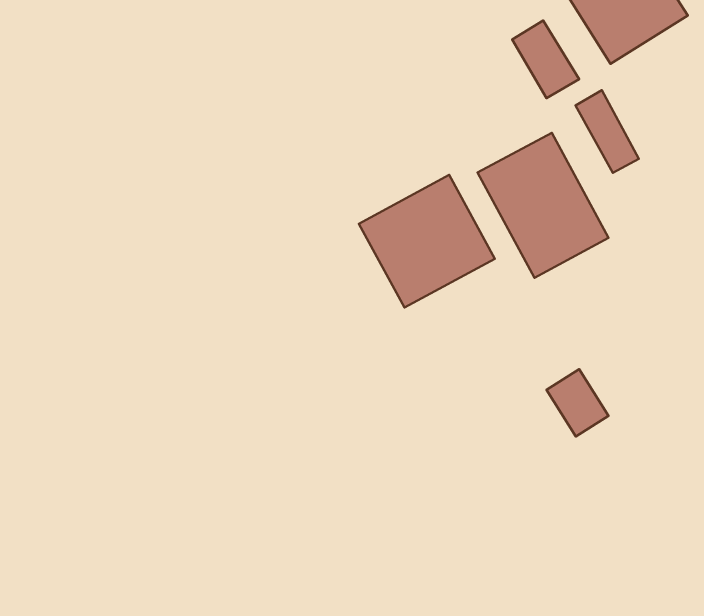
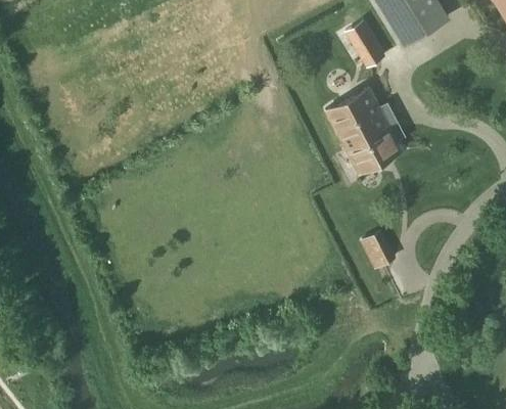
building: [576,90,639,173] -> none
building: [359,175,495,308] -> none

